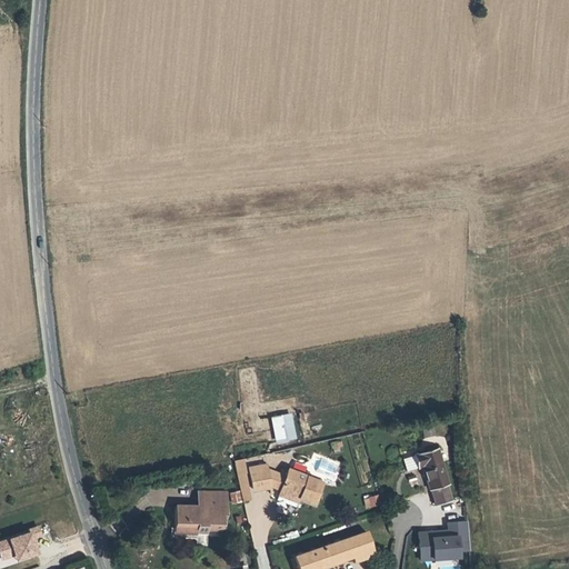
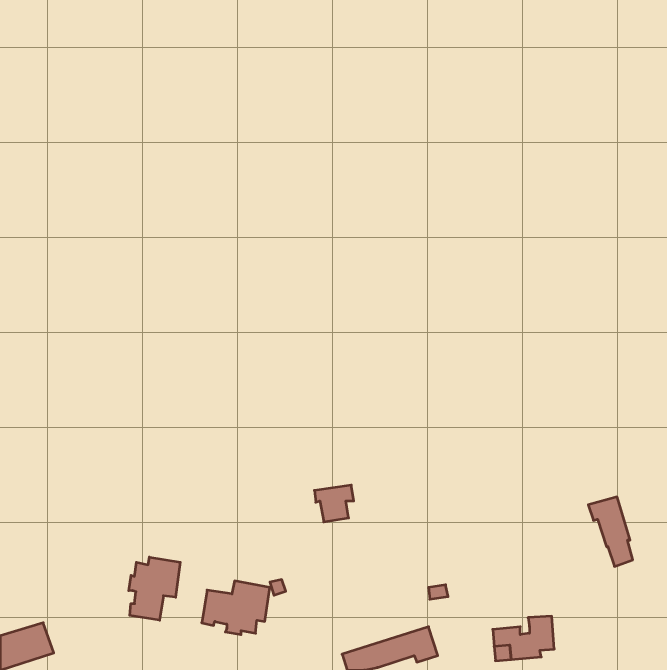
building: [415,449,452,508] -> [588,497,633,566]
building: [247,467,319,505] -> none
building: none -> [129,557,180,620]

